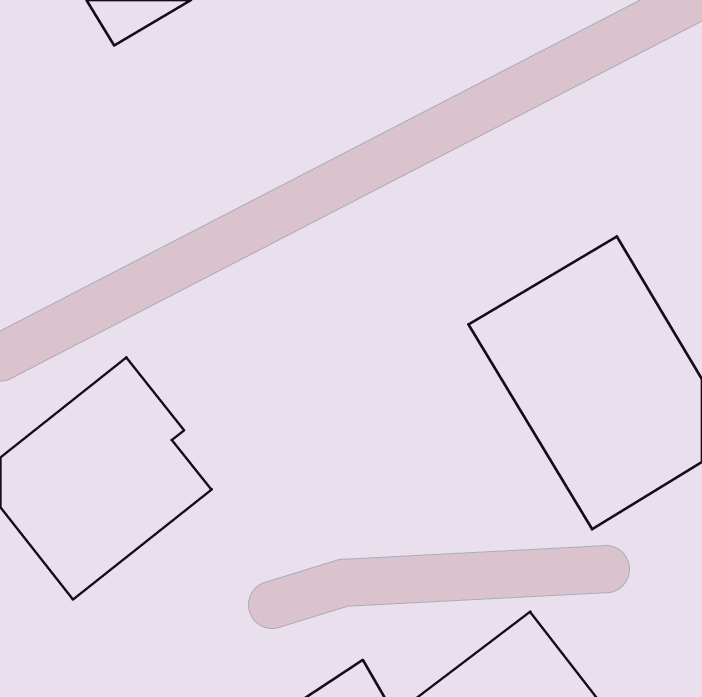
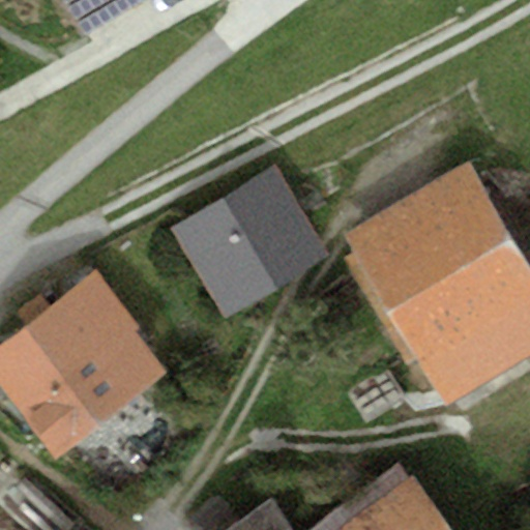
building: none -> [173,165,326,310]

